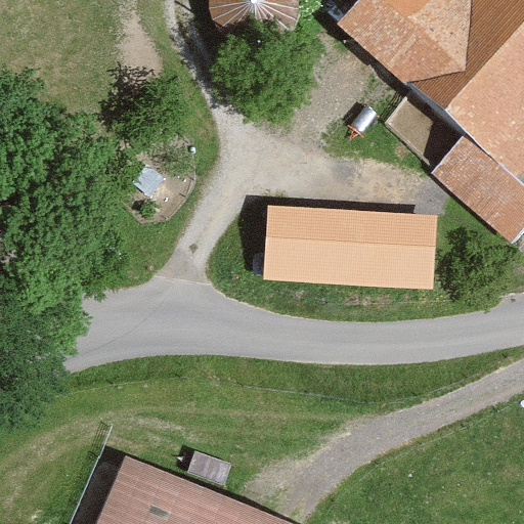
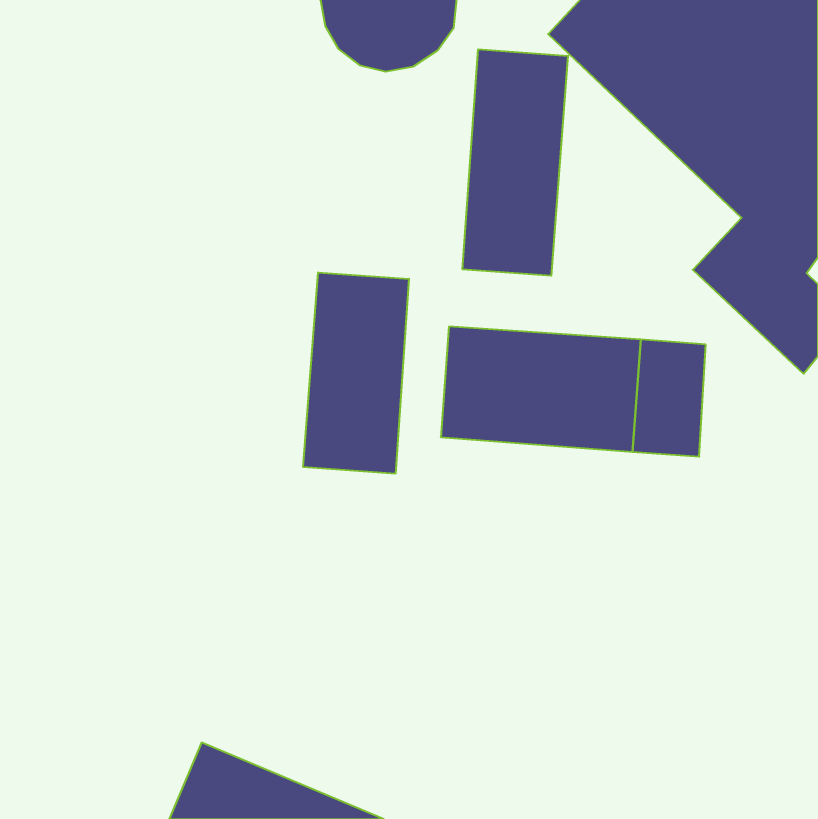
building: none -> [463,49,568,276]
building: none -> [303,272,409,474]

